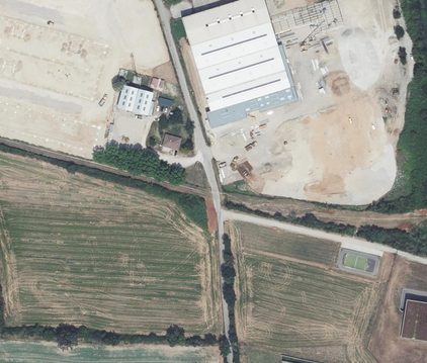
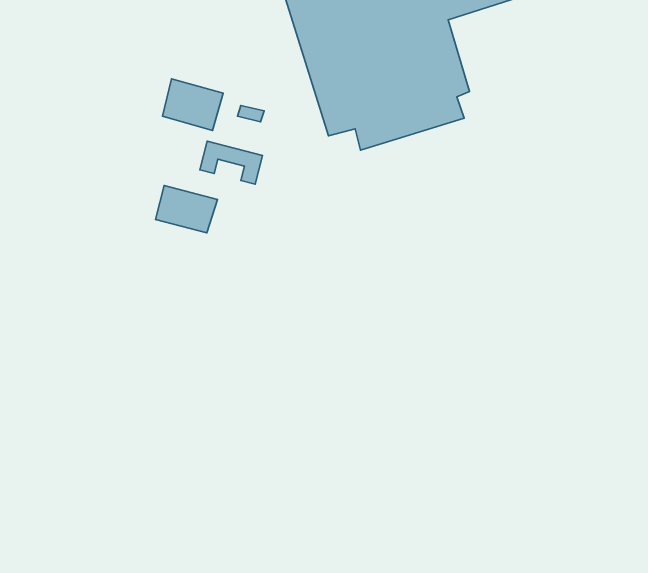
building: none -> [155,185,217,233]

